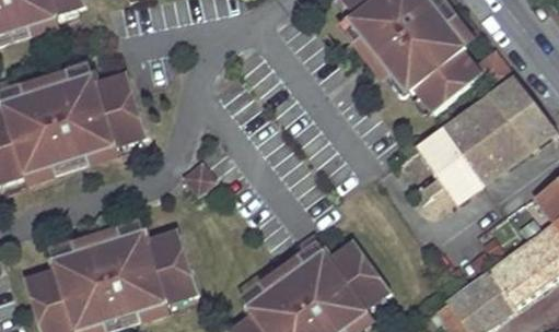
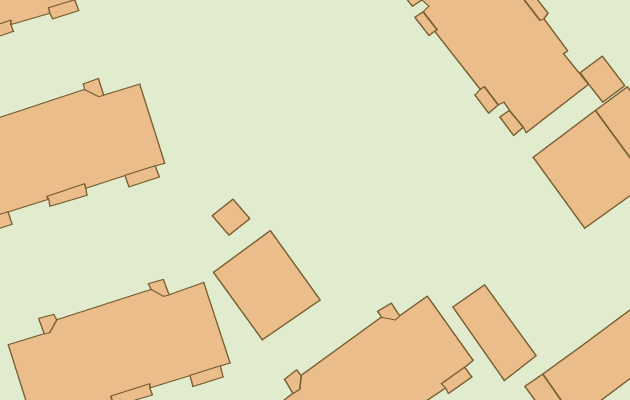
building: [412,129,478,204] -> [453,285,536,381]
building: none -> [213,231,320,340]

